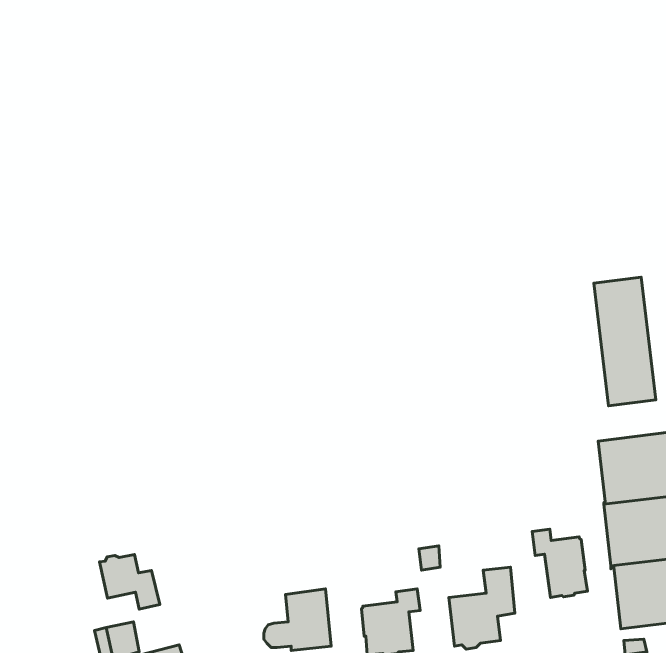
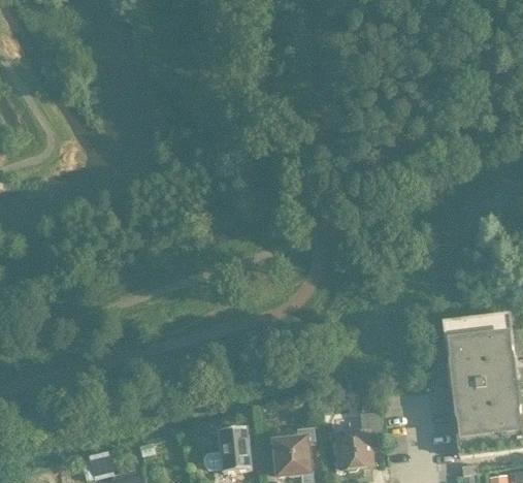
building: [594,277,656,406] -> none
building: [532,529,587,597] -> none
building: [100,555,160,609] -> none

